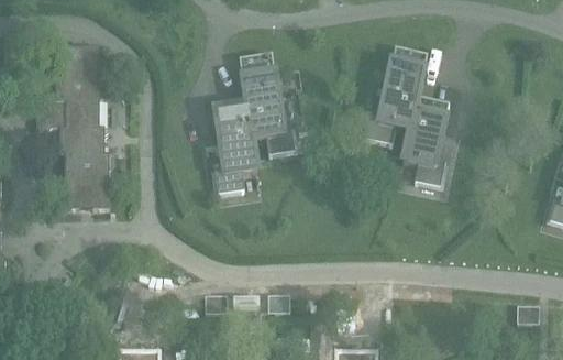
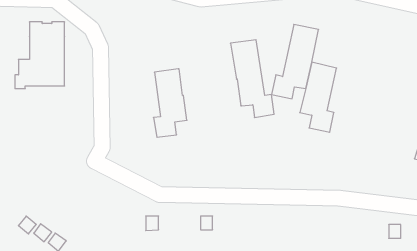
building: [238,57,294,157] -> [230,40,274,118]
building: [59,130,108,211] -> none

